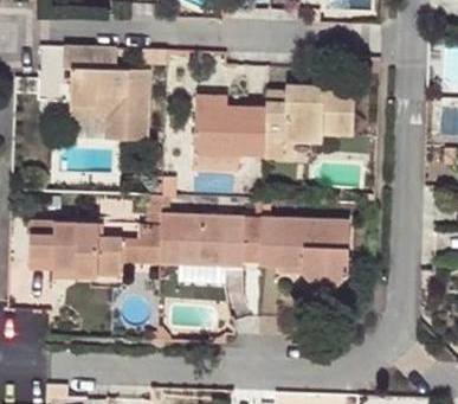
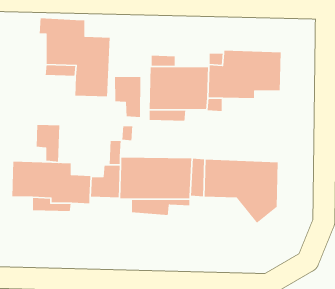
building: none -> [114,76,141,118]
building: none -> [36,124,60,162]

